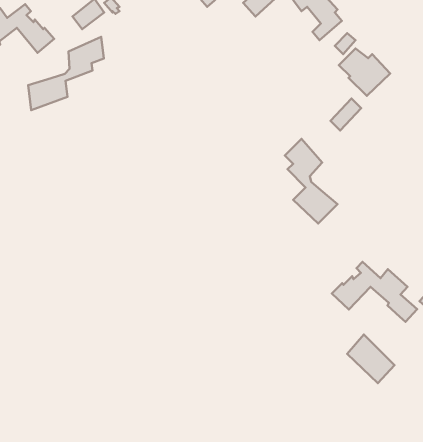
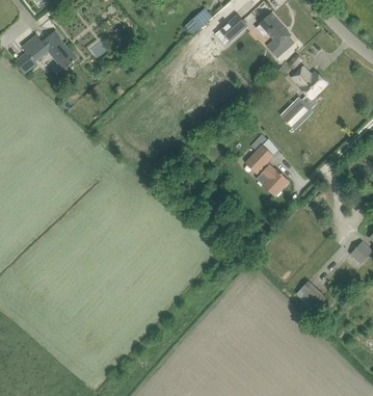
building: [28,37,104,110] -> none
building: [332,262,417,322] -> none

